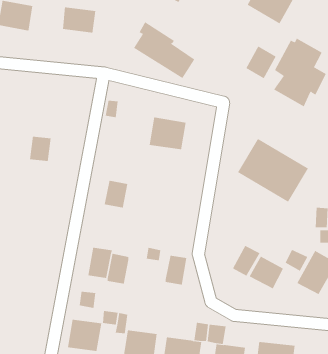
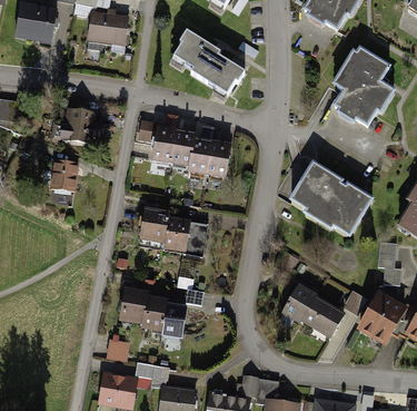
building: [246,45,277,79] -> none
building: none -> [58,109,100,144]
building: none -> [151,125,191,164]
building: none -> [163,216,207,253]
building: [165,255,187,285] -> [161,302,187,336]

